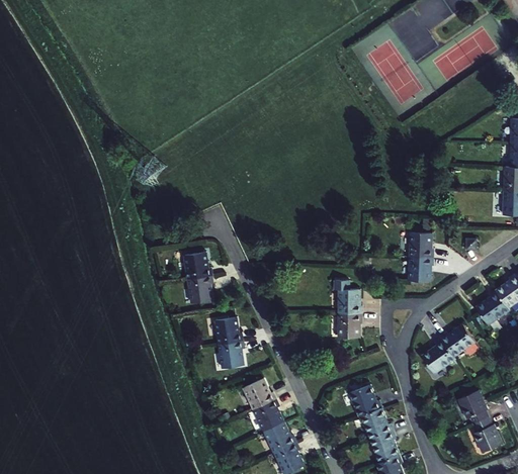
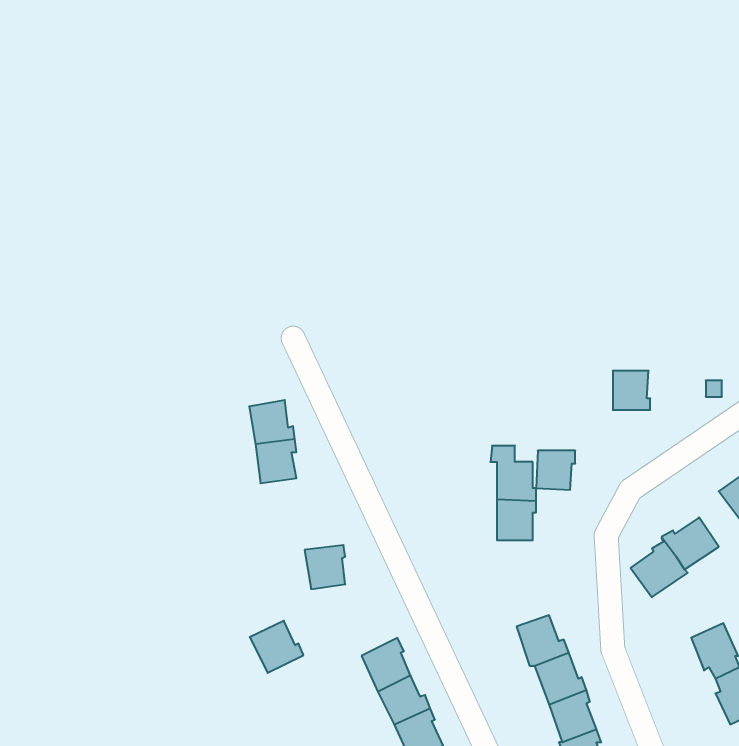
building: [408,258,432,282] -> [536,451,575,490]
building: [214,317,242,345] -> none
building: [242,378,275,410] -> [250,621,303,673]

